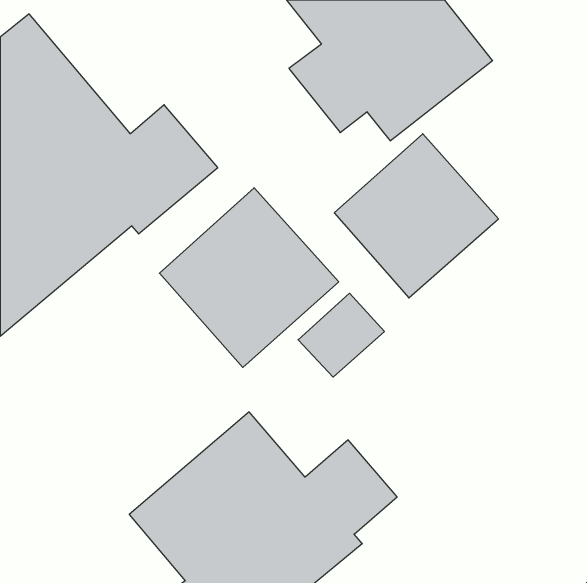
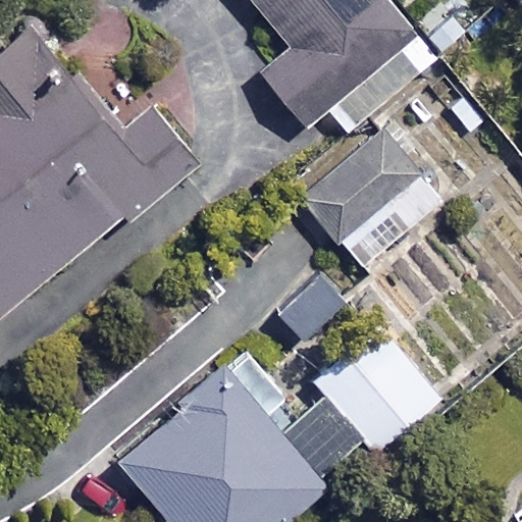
building: [159,188,339,367] -> none
building: none -> [315,325,440,452]

